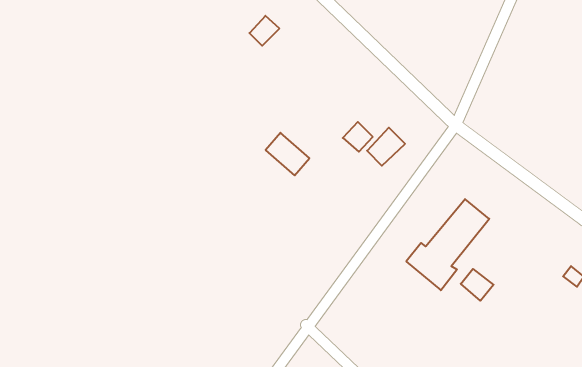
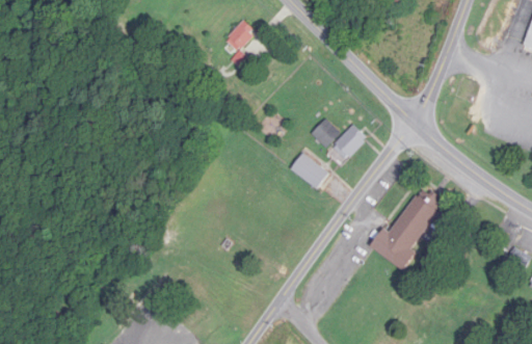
building: [266,133,309,175] -> [289,152,328,190]
building: [461,269,494,301] -> none

